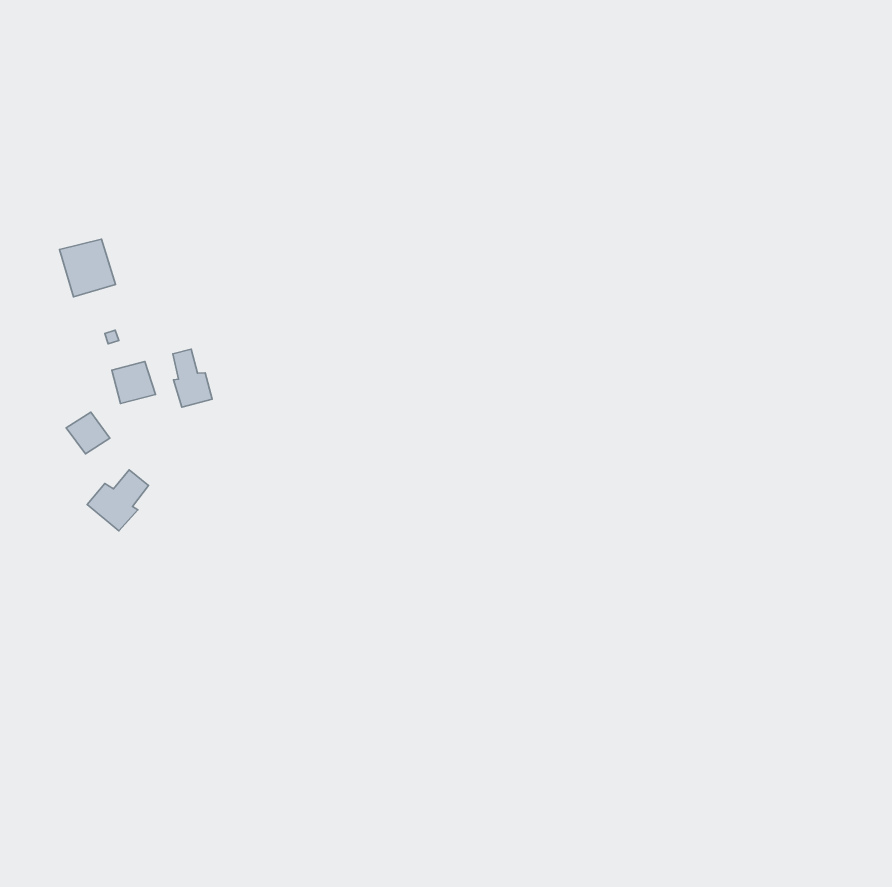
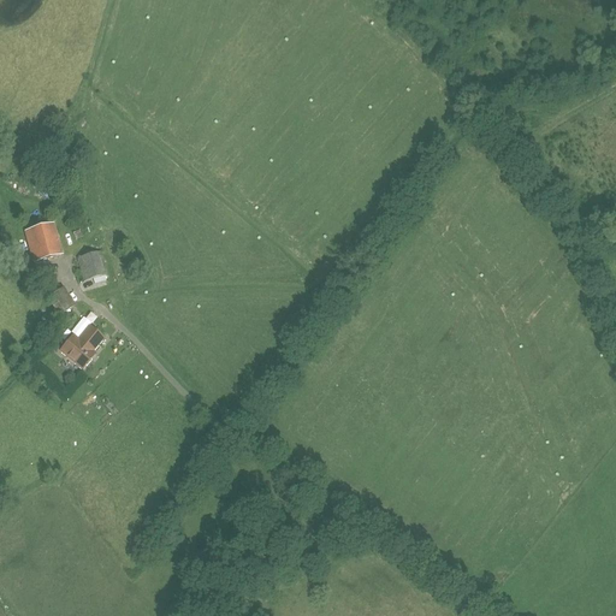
building: [60,239,116,297] -> [24,220,63,260]
building: [173,349,212,407] -> none

